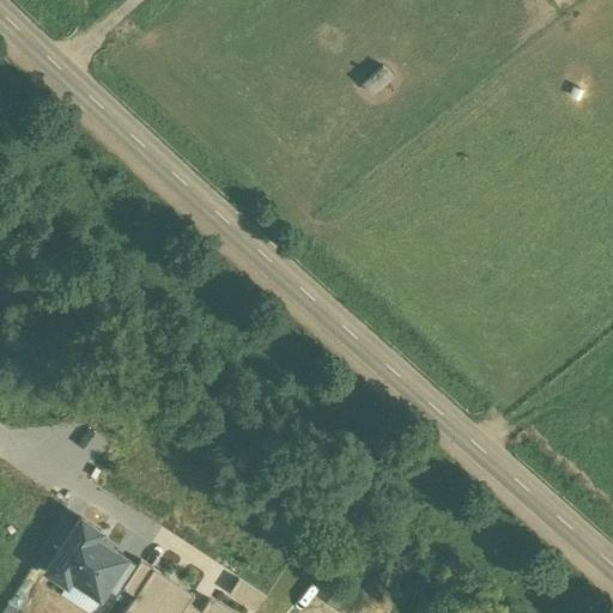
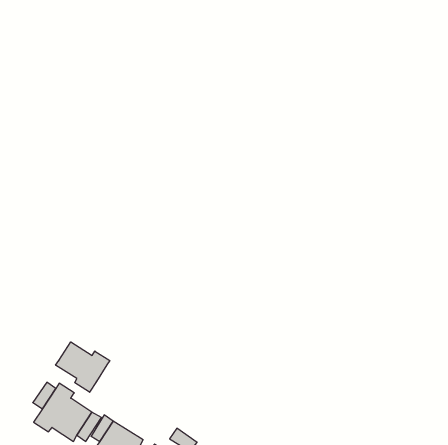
building: none -> [56,342,110,392]

